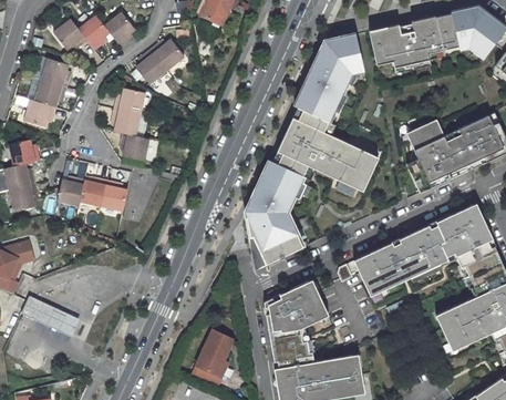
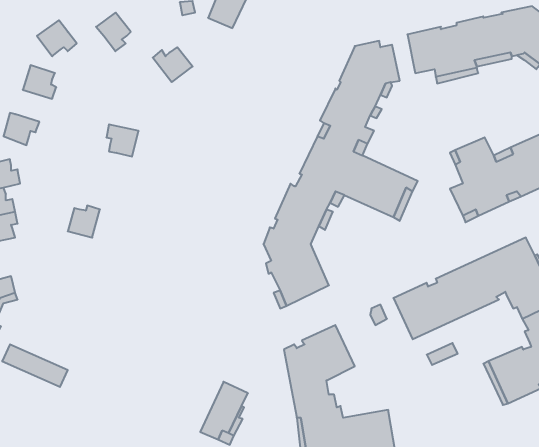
building: [79,14,110,50] -> none
building: [137,51,168,85] -> none
building: [33,79,65,106] -> none
building: [114,88,144,114] -> none
building: [118,133,147,161] -> none
building: [55,177,84,206] -> none
building: [100,182,127,212] -> none

